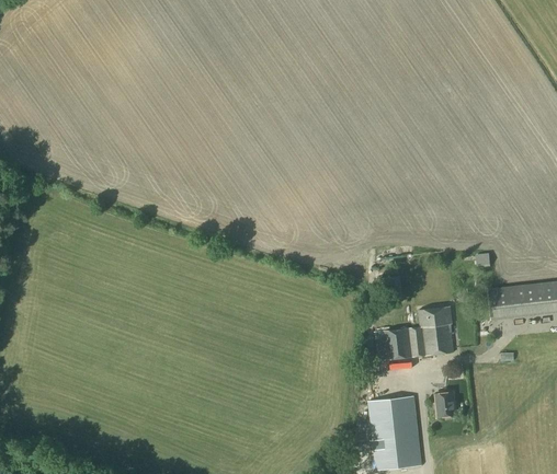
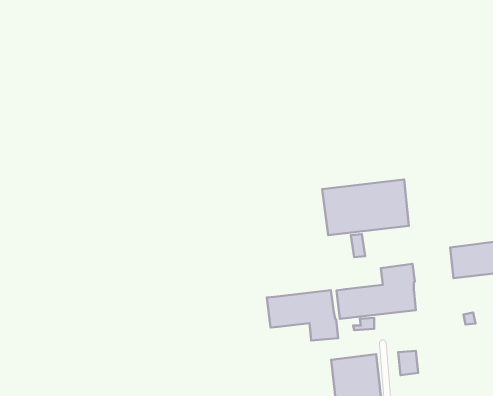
building: none -> [322,180,409,235]
building: none -> [267,290,338,341]

